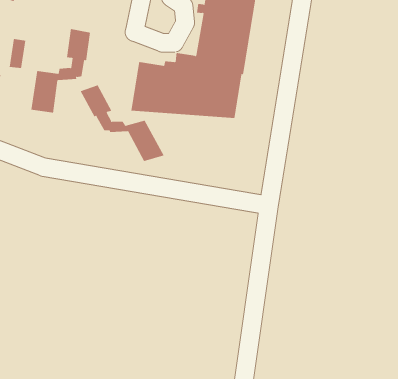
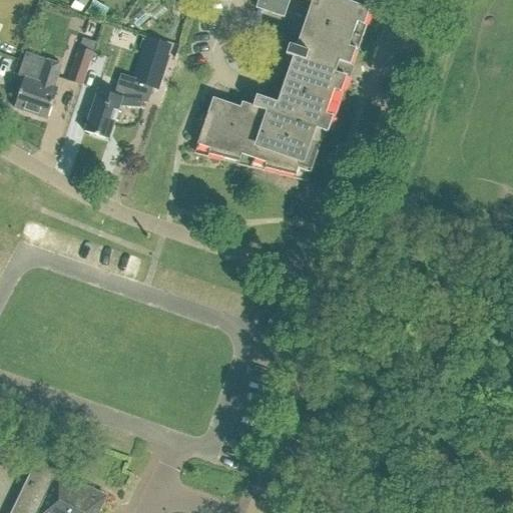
building: [80,85,164,162] -> none

